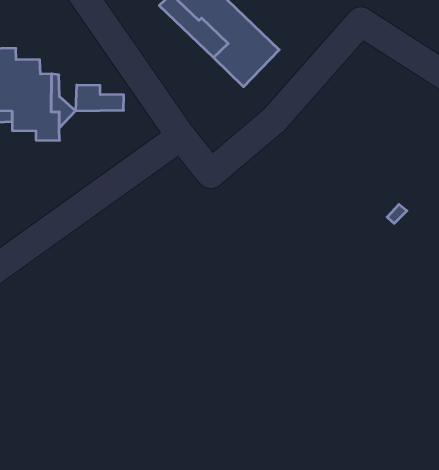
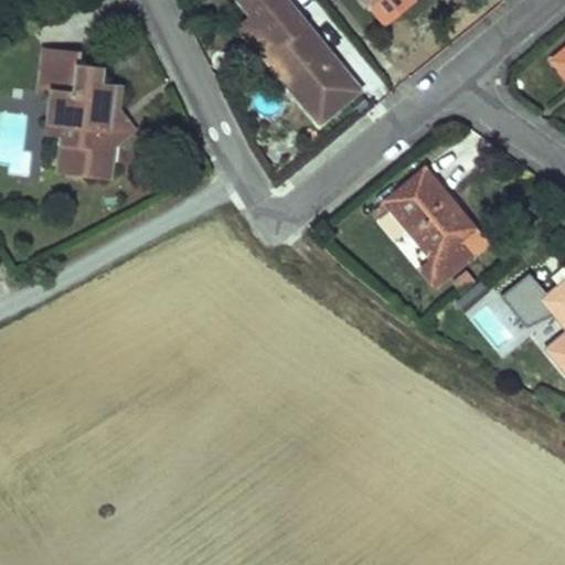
building: [76,85,124,111] -> [60,142,114,175]
building: none -> [384,166,478,287]

